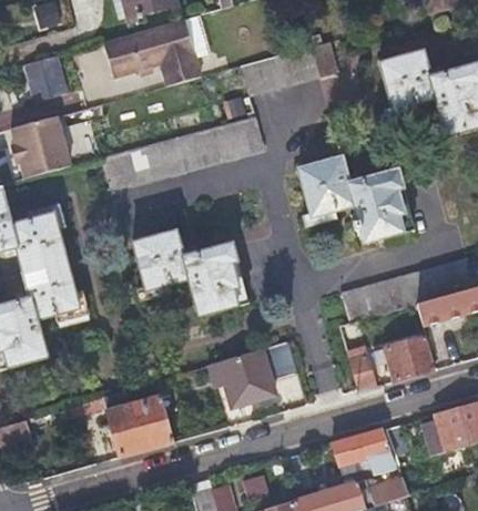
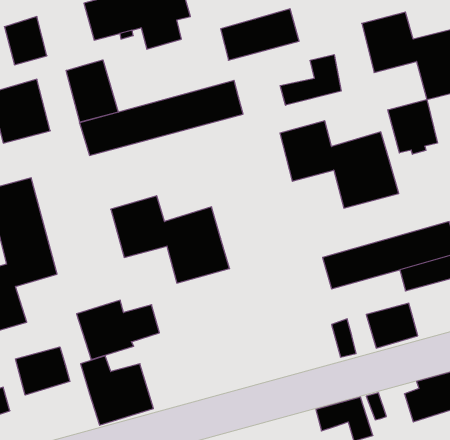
building: none -> [280,55,341,105]
building: none -> [66,60,118,122]
building: none -> [388,99,437,154]
building: [216,348,298,407] -> [77,300,159,360]
building: none -> [16,347,70,395]

